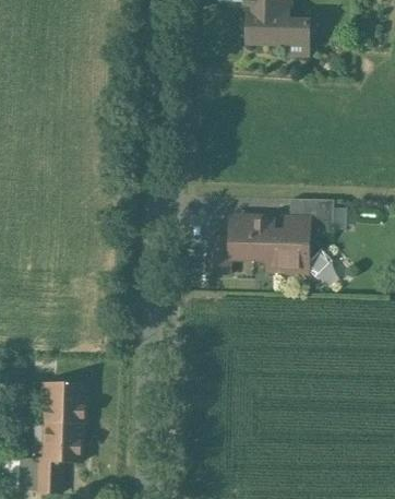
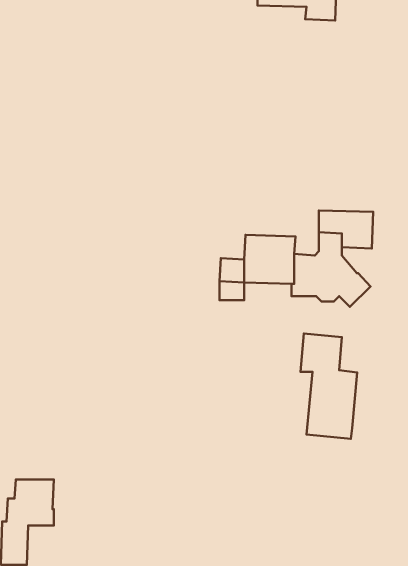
building: none -> [301,334,357,439]
building: [41,379,83,433] -> none

